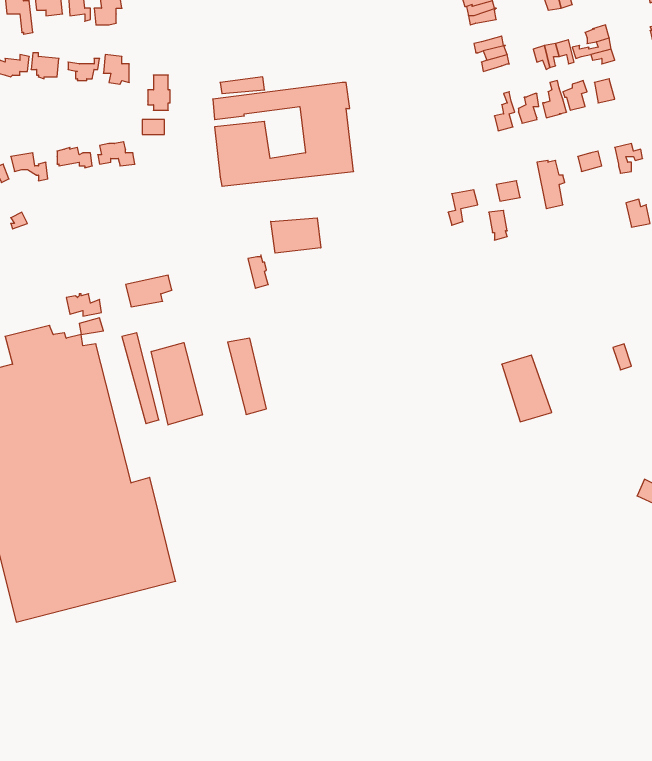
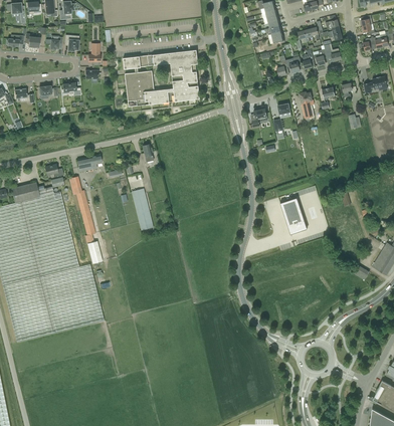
building: [271,218,321,253] -> none
building: [151,343,202,425] -> none

